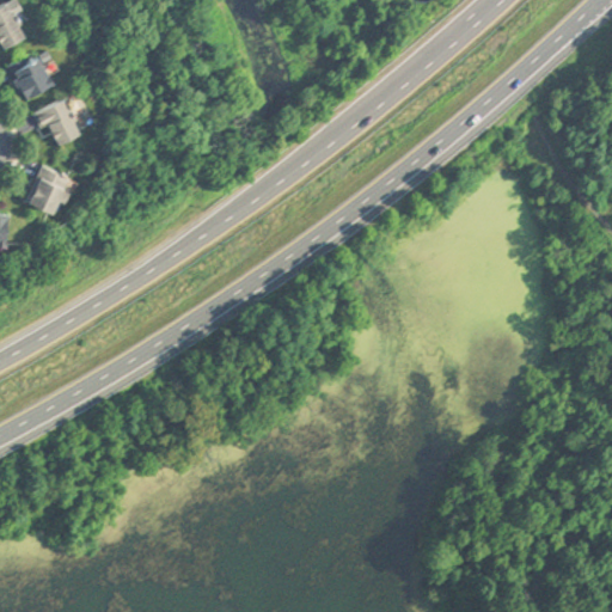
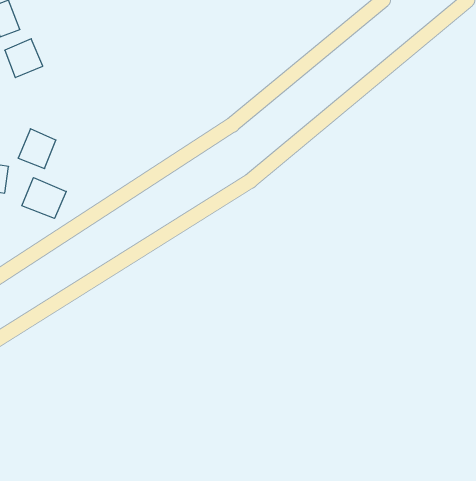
building: [30,99,80,147] -> none
building: none -> [22,178,66,218]

